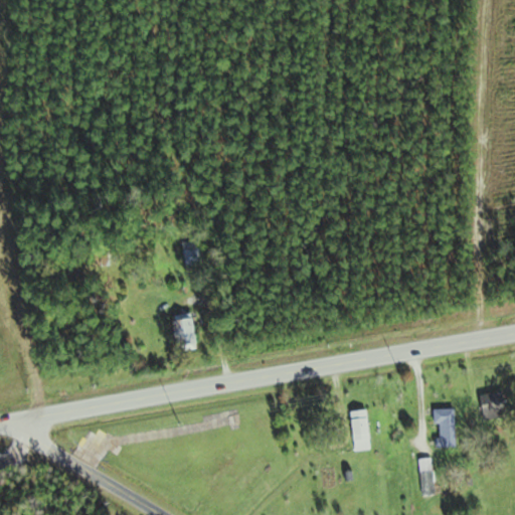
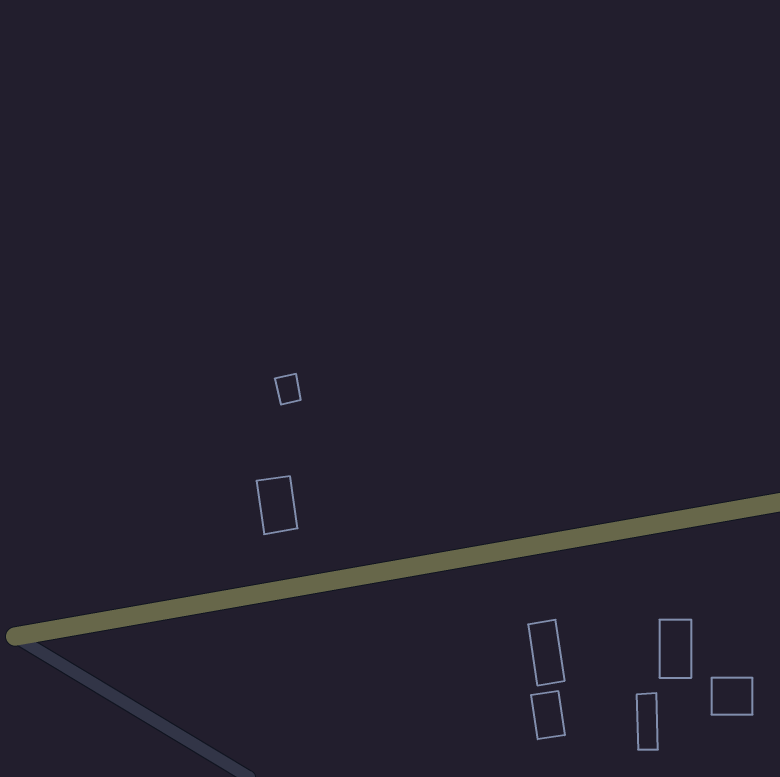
building: [477,392,504,416] -> [711,678,753,715]
building: none -> [531,691,565,739]

